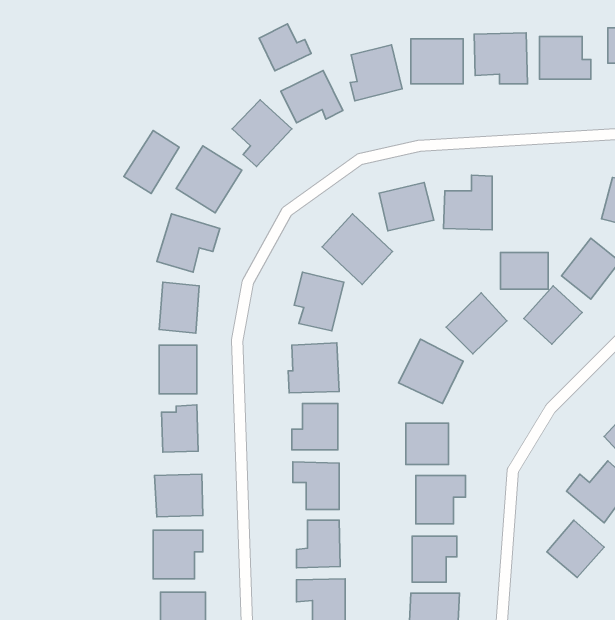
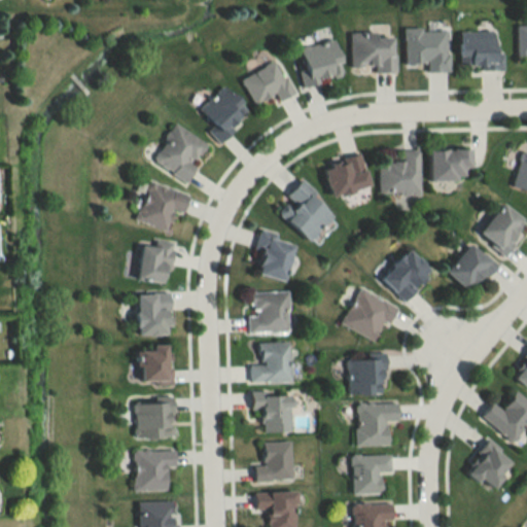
building: [259,24,311,71] -> none
building: [124,130,179,194] -> none
building: [501,253,548,289] -> [432,148,472,179]

